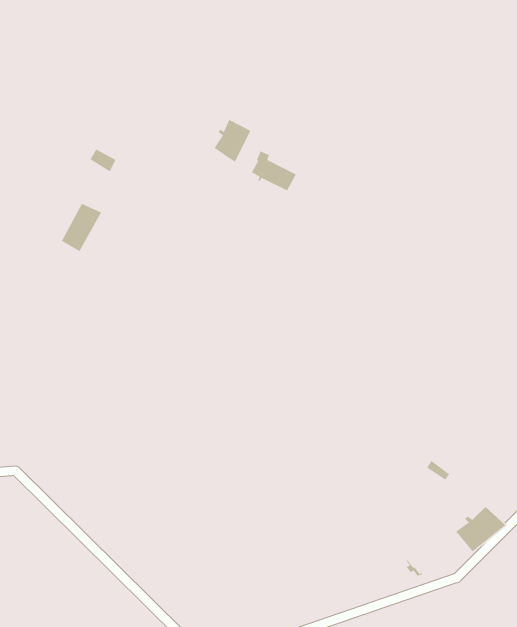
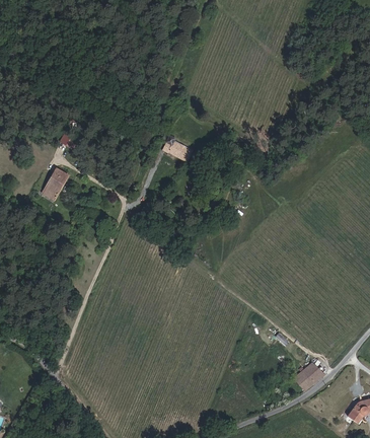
building: [213,119,251,163] -> none

